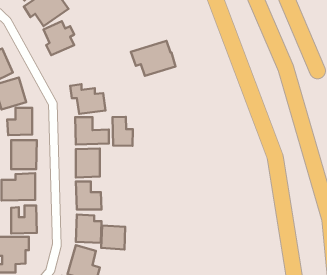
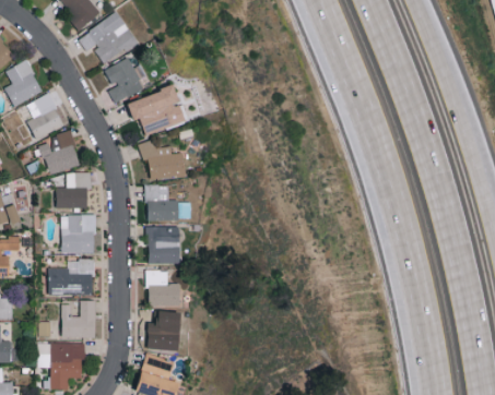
building: [131,41,176,76] -> [128,87,187,133]
building: [113,117,133,146] -> none
building: [101,225,125,249] -> none

